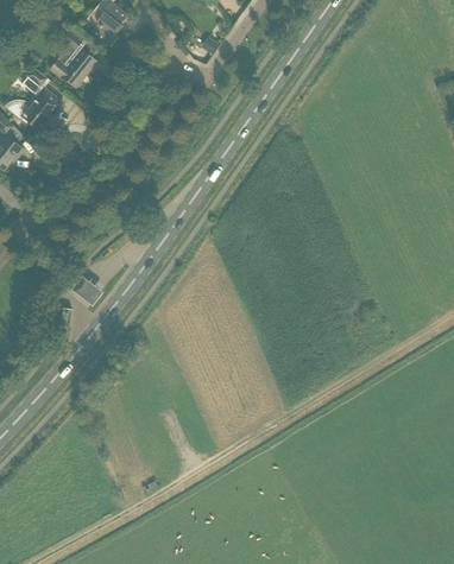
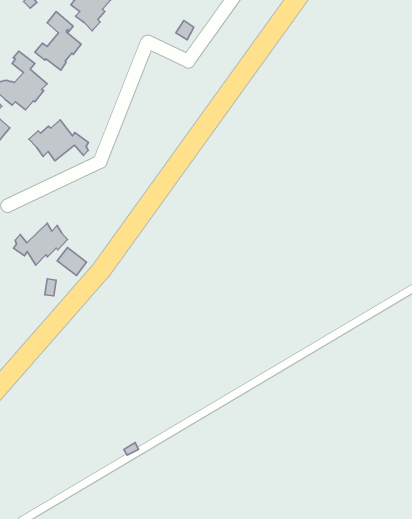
building: none -> [29,120,88,161]
building: none -> [14,223,68,265]

